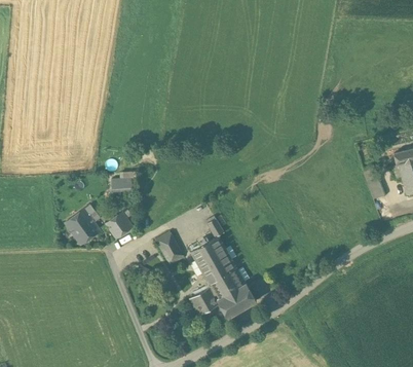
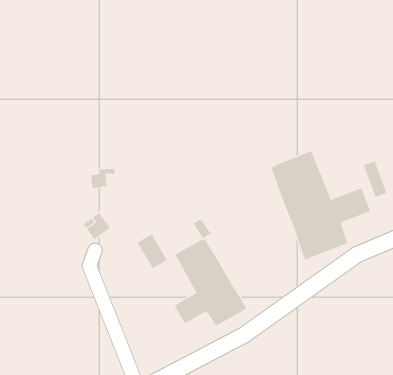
building: none -> [270,150,371,260]
building: [64,205,99,245] -> none

